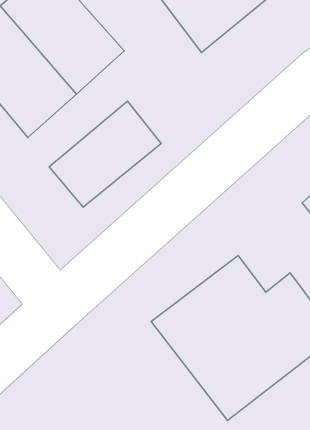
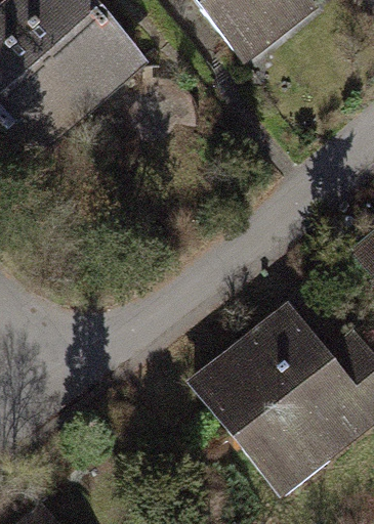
building: [49,101,161,207] -> none

